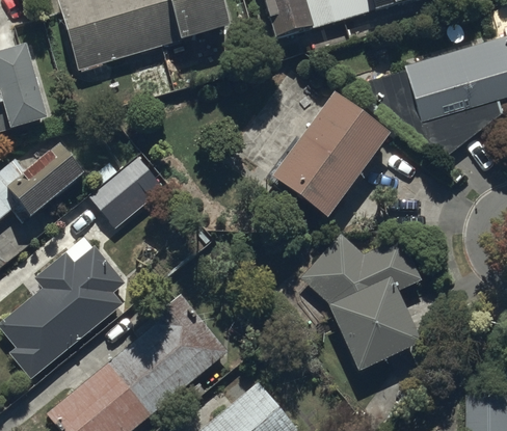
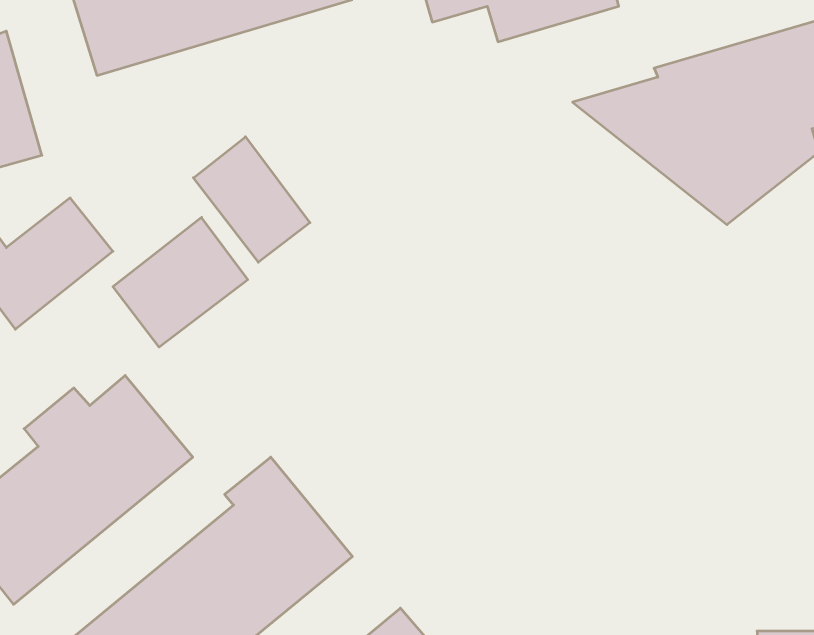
building: [271,91,391,218] -> none
building: none -> [193,137,310,262]
building: [301,234,423,370] -> none

